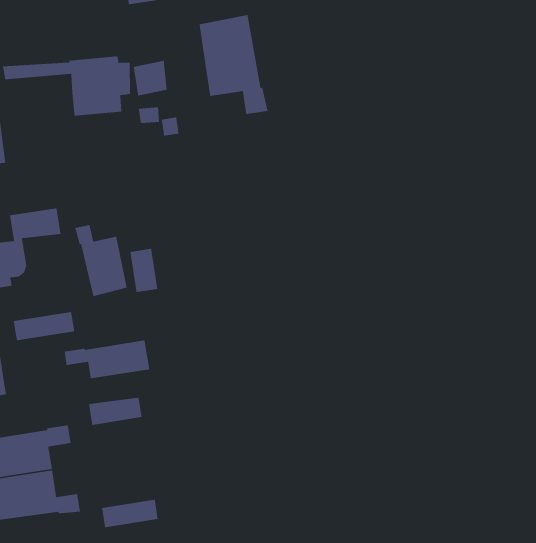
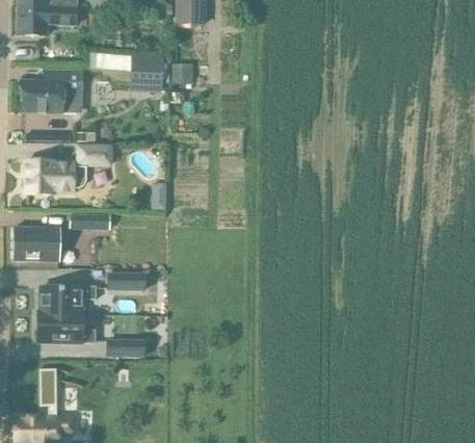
building: [199,14,269,115] -> none
building: [74,224,128,297] -> none
building: [64,340,150,379] -> none

